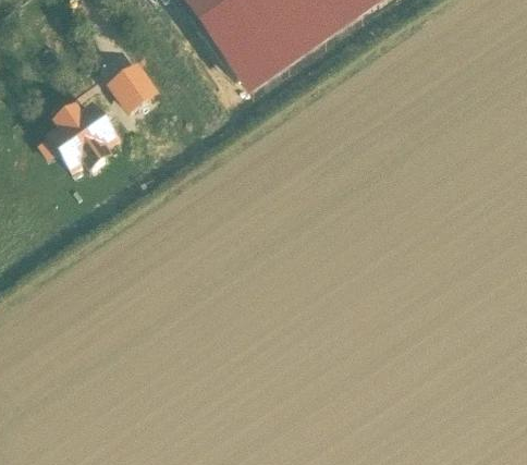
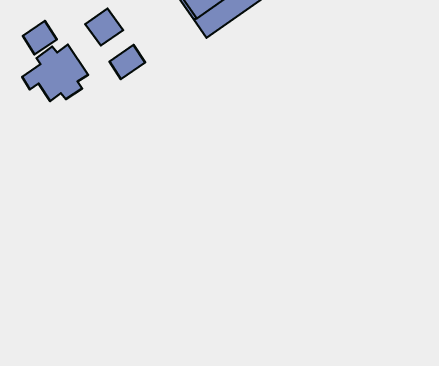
building: none -> [23,21,57,54]
building: none -> [109,45,145,79]

